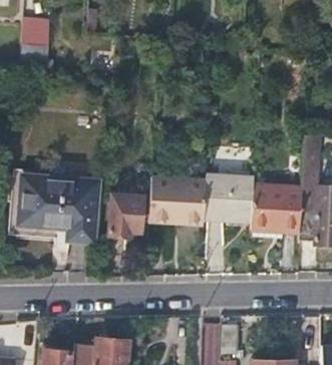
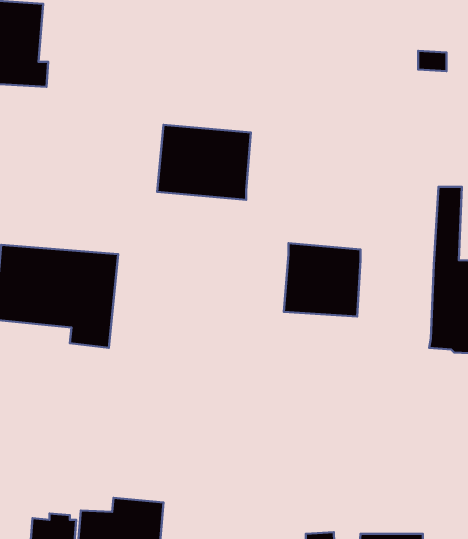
building: [149,175,210,224] -> [157,125,251,200]
building: [253,185,303,235] -> none
building: [111,195,144,237] -> none

